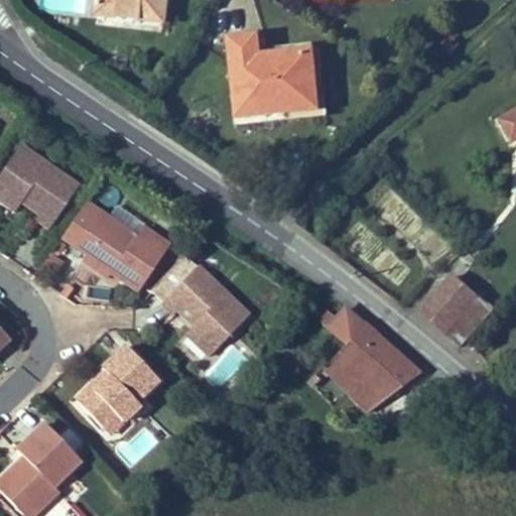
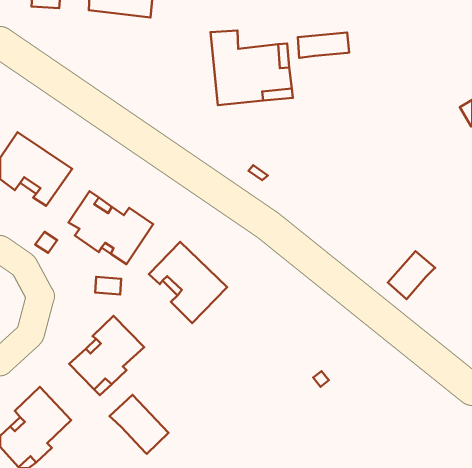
building: none -> [298,33,349,58]
building: [444,294,491,344] -> none
building: [319,305,418,409] -> none
building: none -> [110,395,169,454]

